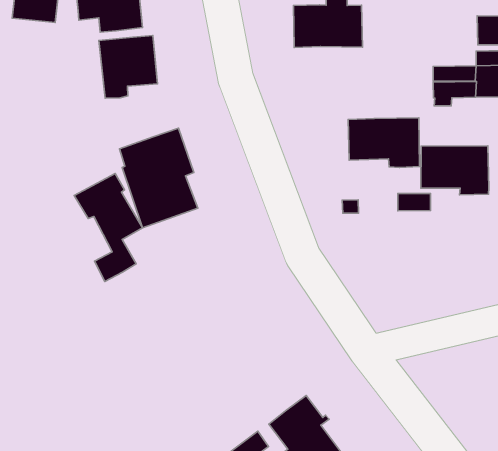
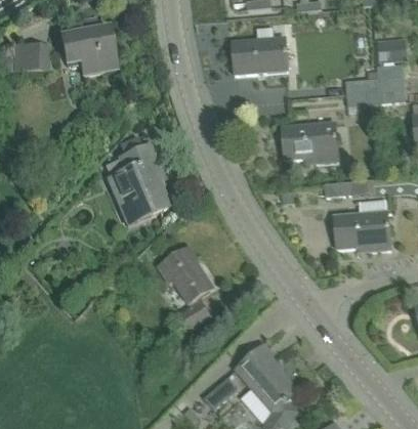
building: [99,35,157,98] -> none
building: [421,146,489,195] -> [335,211,390,251]
building: [74,173,143,281] -> [159,246,214,331]

